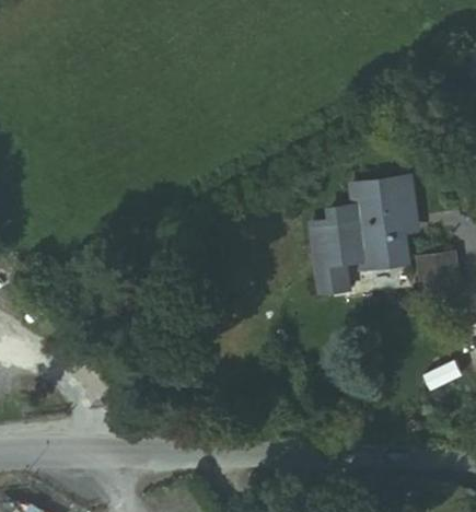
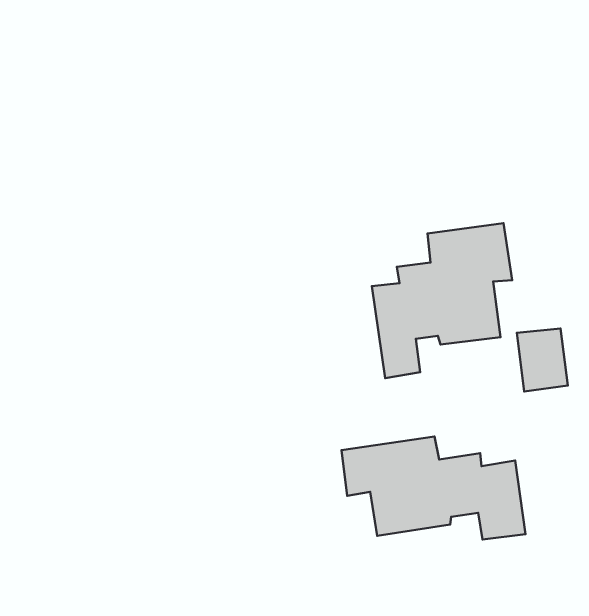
building: none -> [342,437,526,540]

